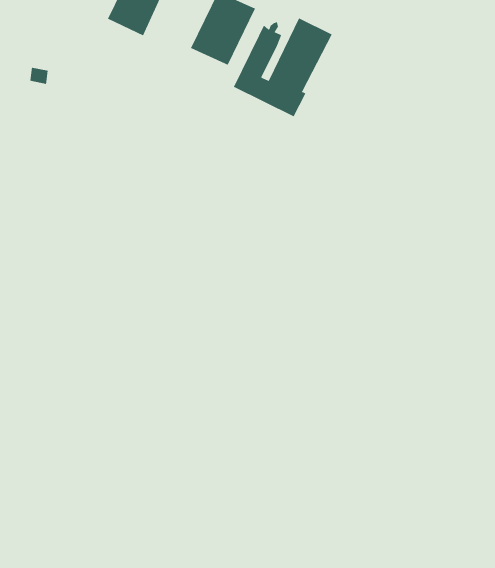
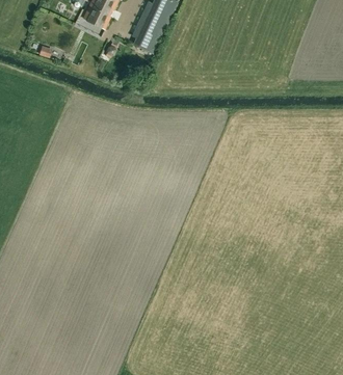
building: [233,18,332,117] -> none

